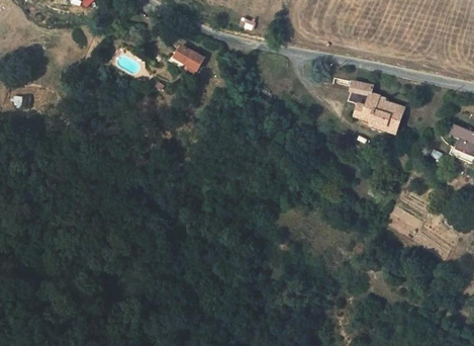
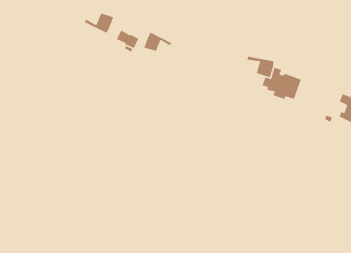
building: none -> [84,13,114,34]
building: none -> [143,32,172,52]

